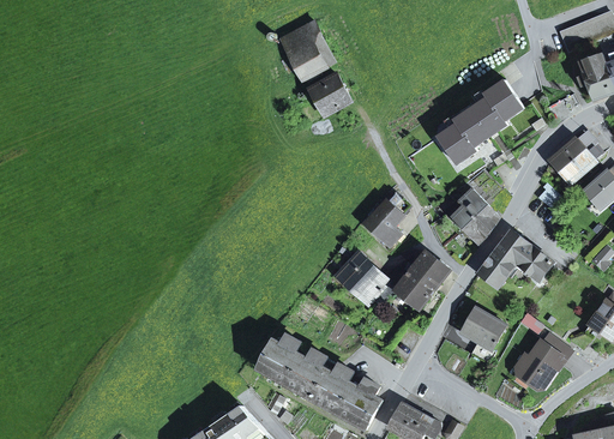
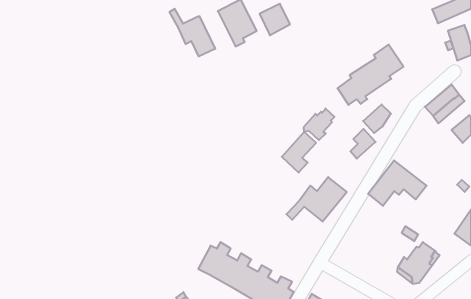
building: none -> [170,9,215,56]
building: [309,74,349,115] -> [260,4,290,35]
building: none -> [304,108,334,140]
building: [462,205,498,242] -> [363,104,391,133]
building: [338,253,387,301] -> none
building: [462,307,504,363] -> none

